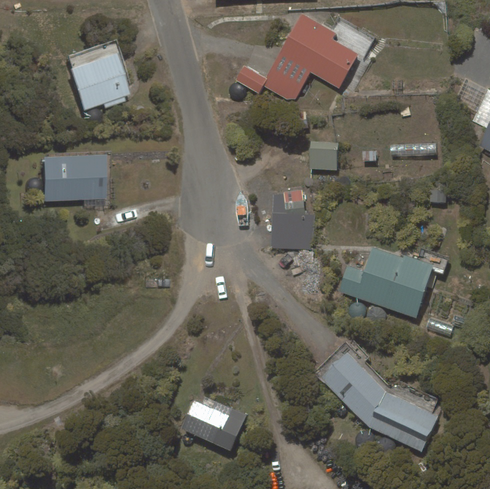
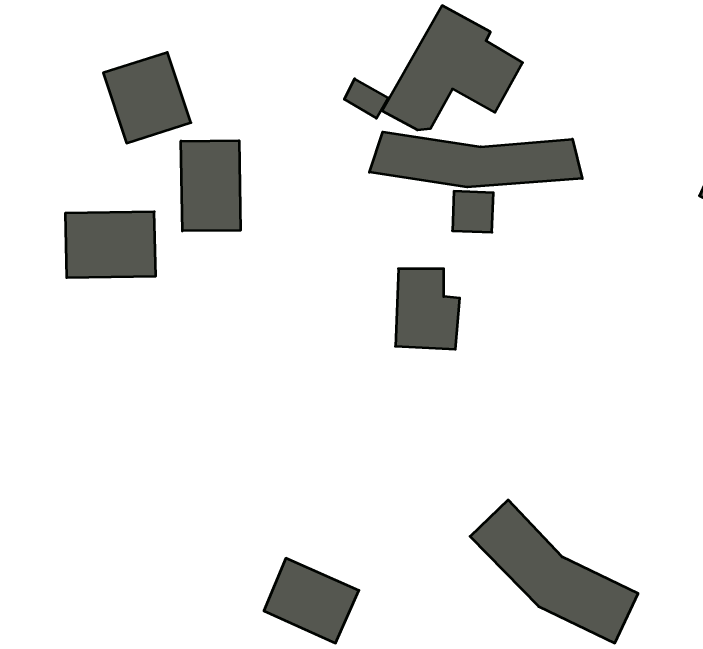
building: none -> [369,132,582,187]
building: none -> [181,141,240,231]
building: [339,247,432,315] -> none

